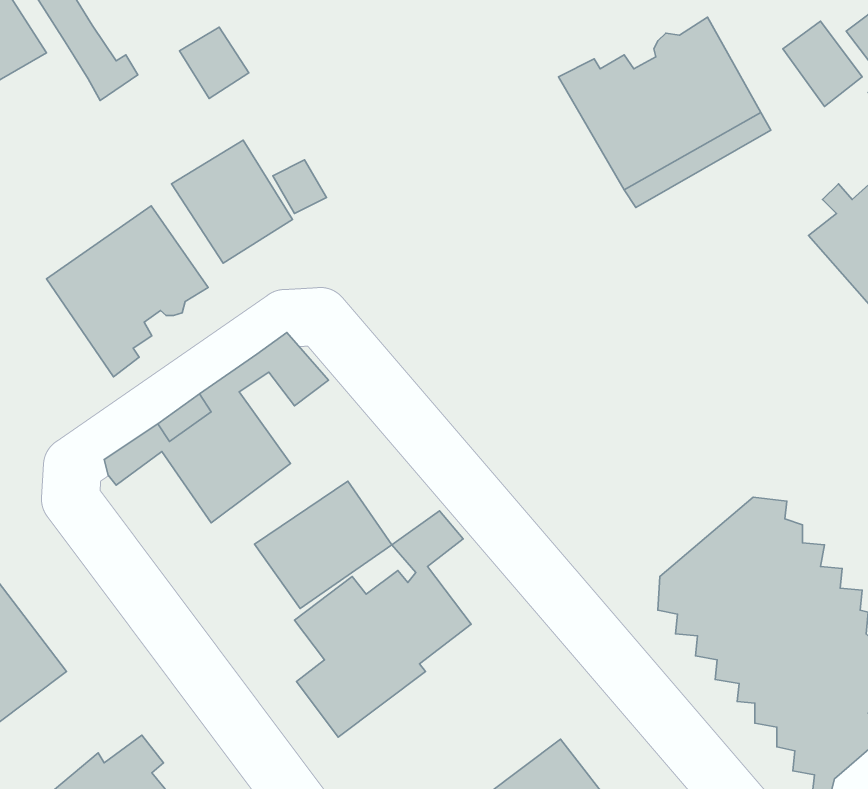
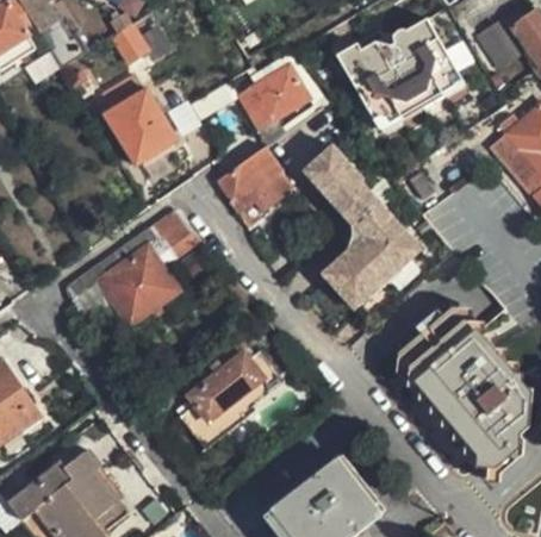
building: none -> [236,64,310,127]
building: [46,206,208,377] -> none
building: none -> [214,145,293,210]
building: none -> [306,146,423,308]
building: [254,481,392,608] -> none

